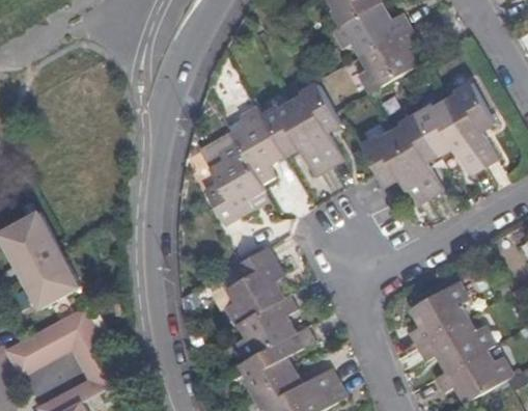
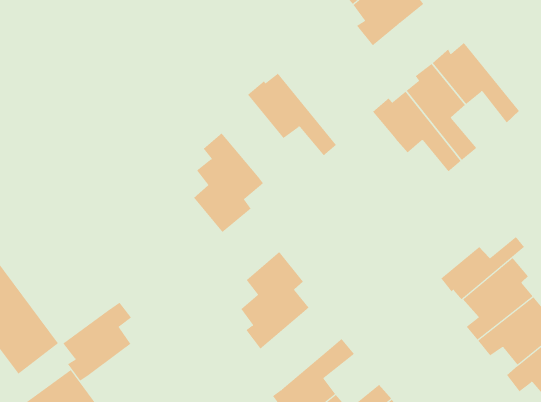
building: [290,82,342,167] -> none
building: [445,82,495,165] -> none
building: [231,106,285,182] -> none
building: none -> [63,302,132,381]
building: none -> [441,236,525,300]
building: [238,293,296,357] -> none

